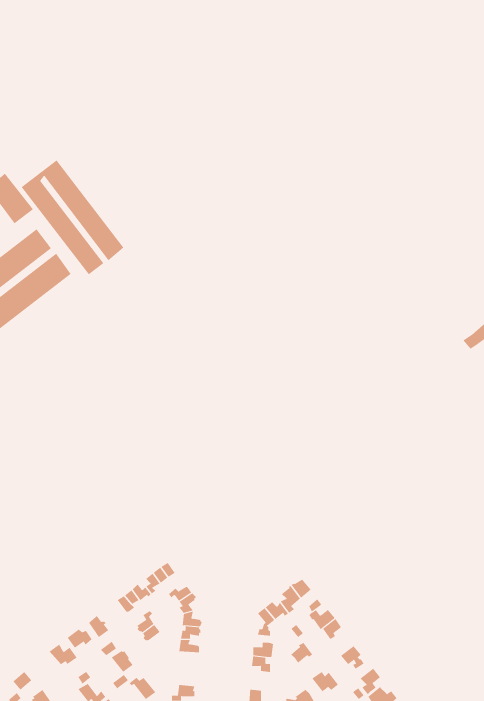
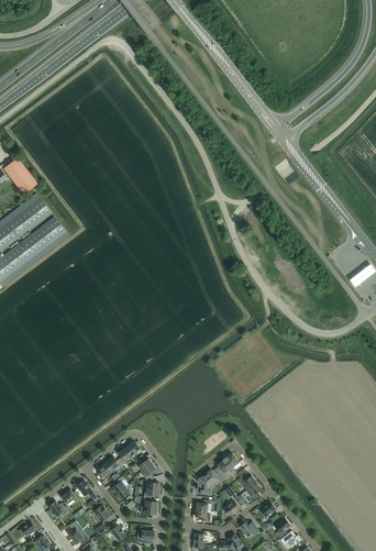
building: [21,159,124,275] -> none

